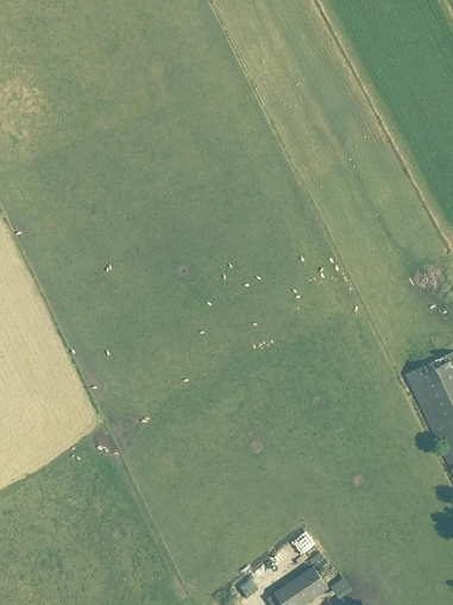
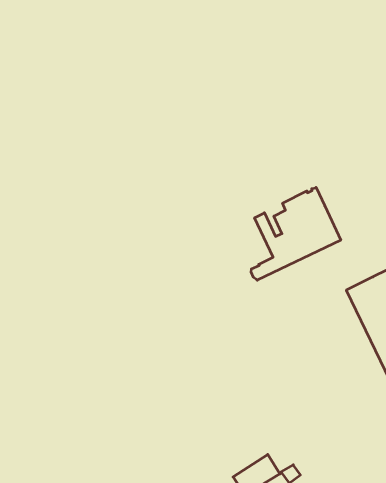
building: none -> [251,187,341,280]

